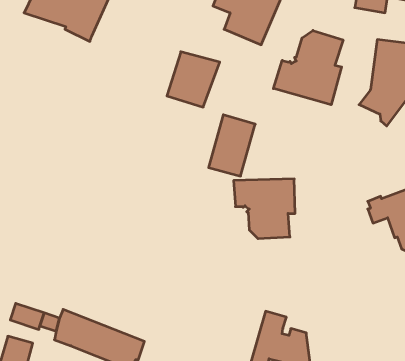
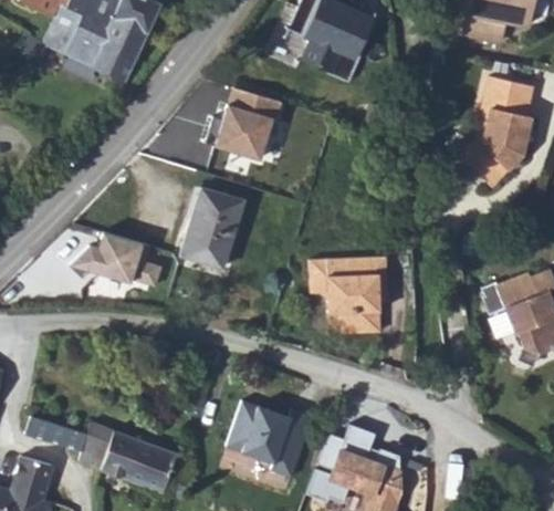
building: [273,30,343,105] -> none
building: [209,115,255,176] -> [179,188,239,267]
building: none -> [69,238,159,291]
building: none -> [224,404,307,481]

